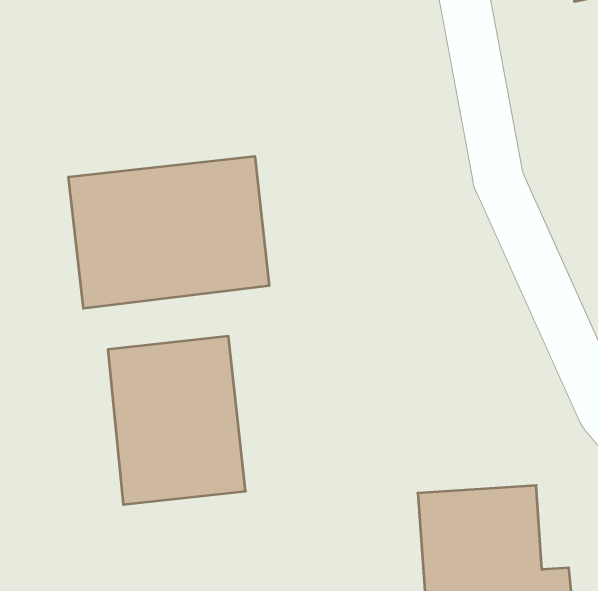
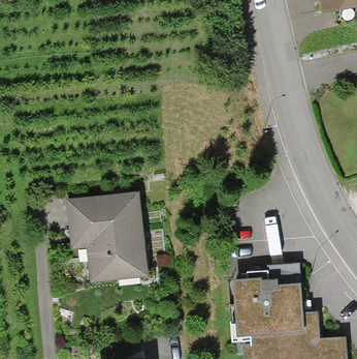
building: [69,156,269,308] -> none

